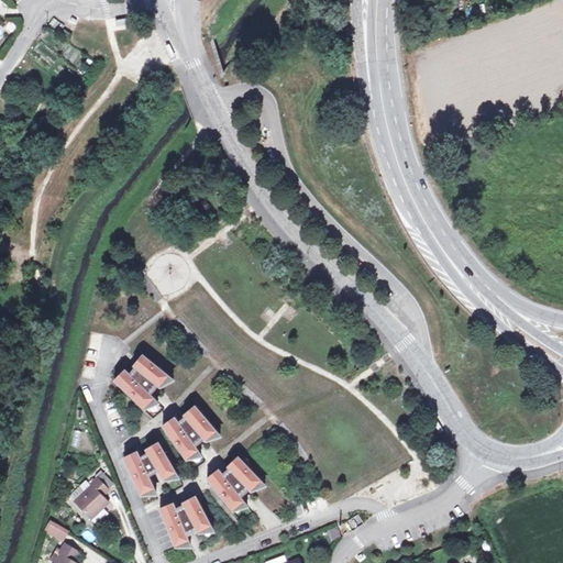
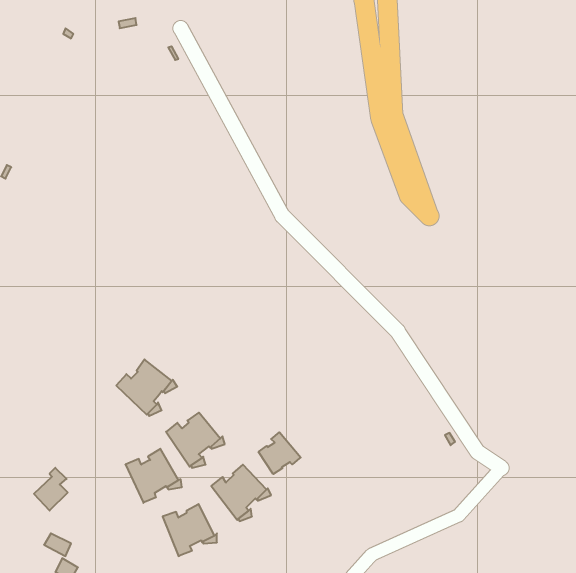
building: none -> [259,432,301,474]
building: [75,475,108,517] -> [34,468,68,511]

